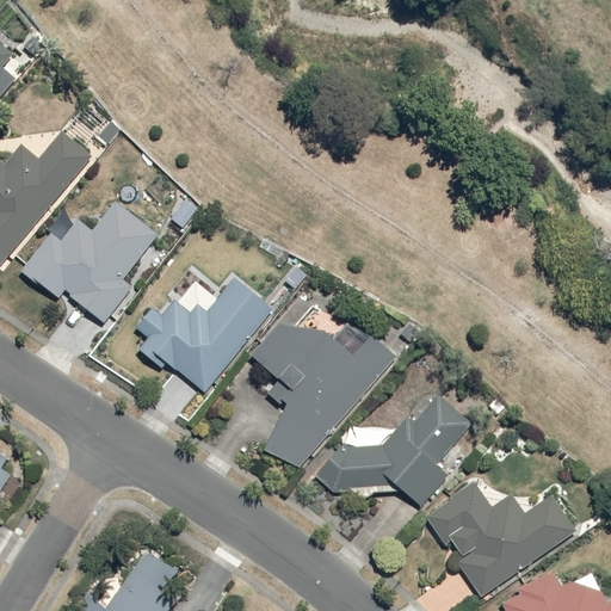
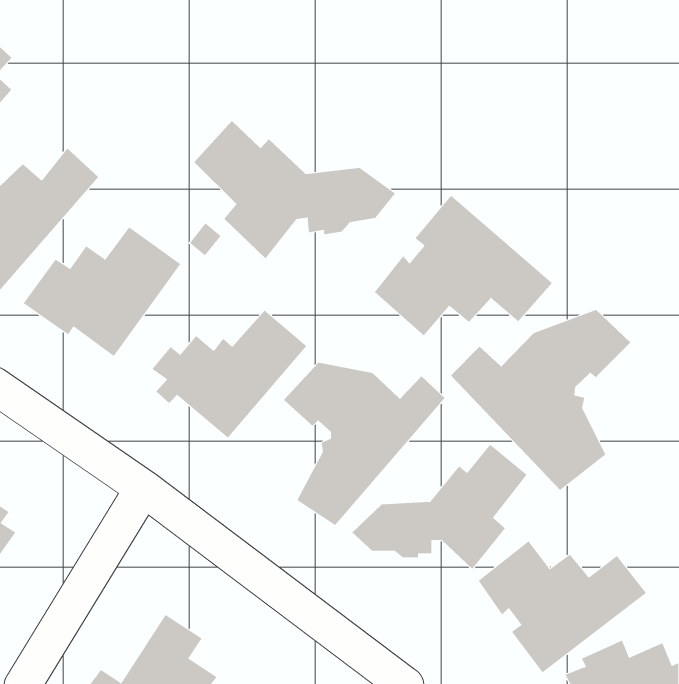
building: none -> [193,120,396,259]
building: none -> [374,195,553,336]
building: none -> [450,309,631,491]

